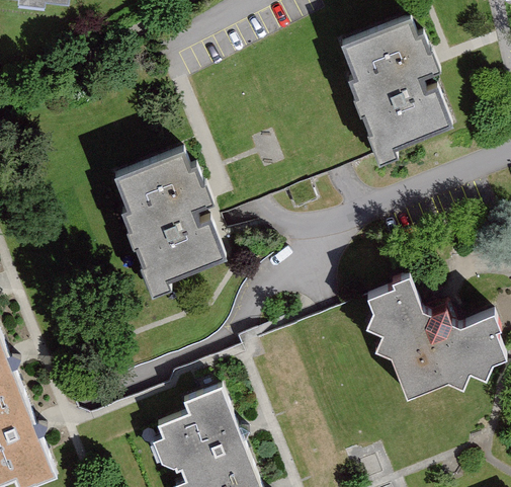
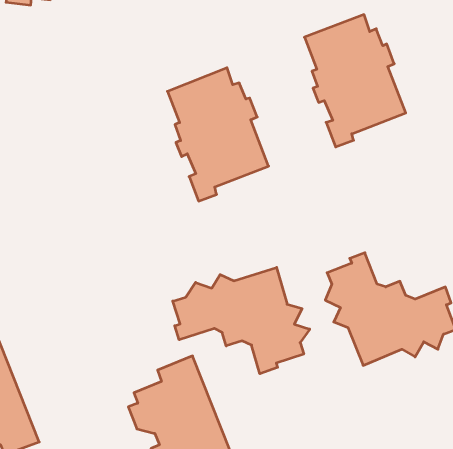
building: [114,151,223,294] -> [167,68,269,201]
building: none -> [173,267,310,374]

